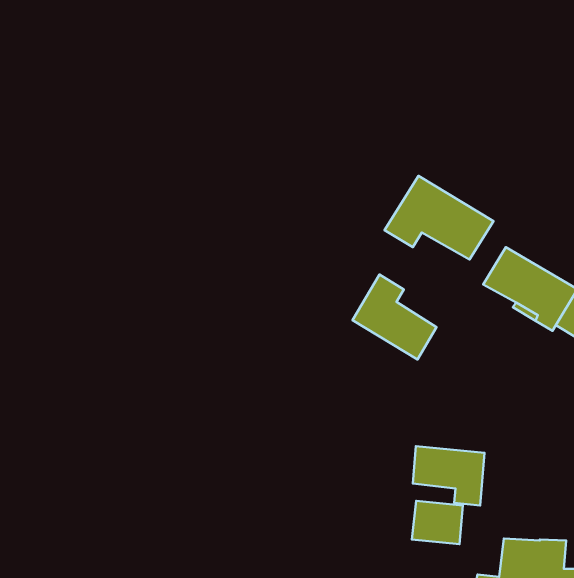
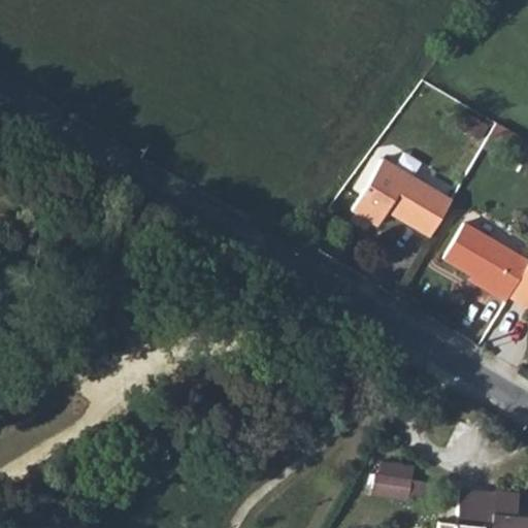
building: [353,274,437,359] -> none
building: [413,446,484,505] -> none

